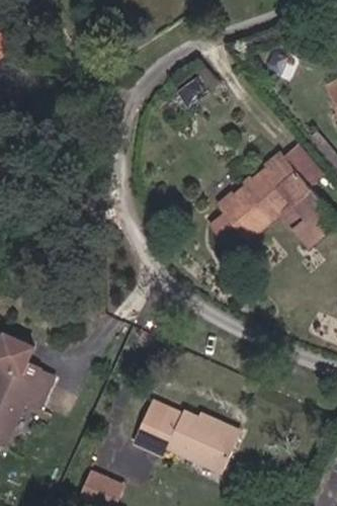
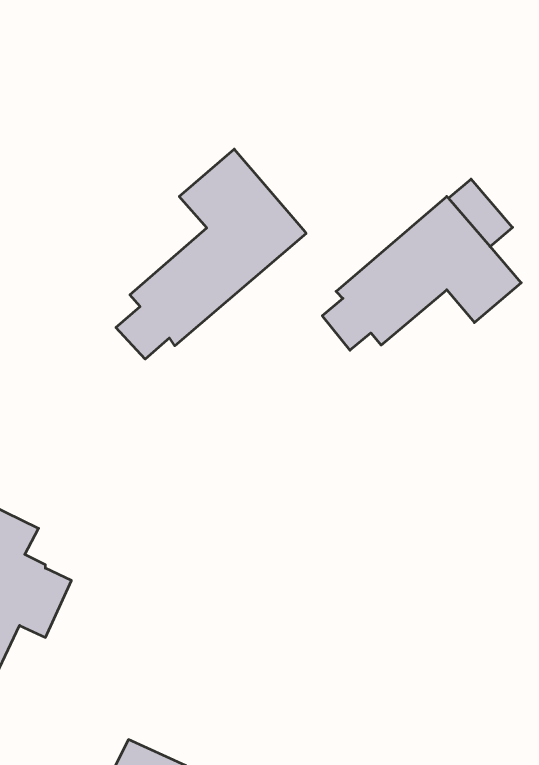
building: none -> [116,149,306,359]
building: [135,405,240,473] -> none

